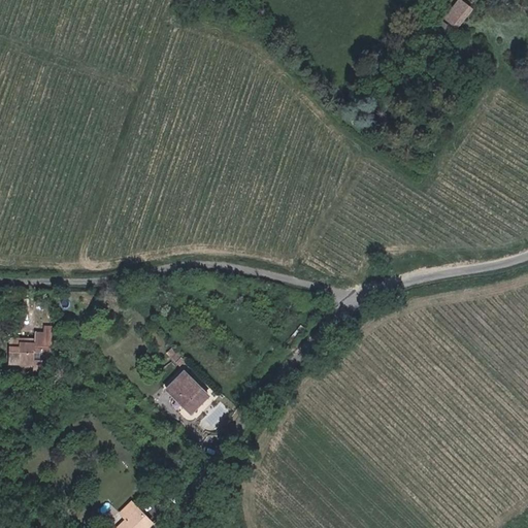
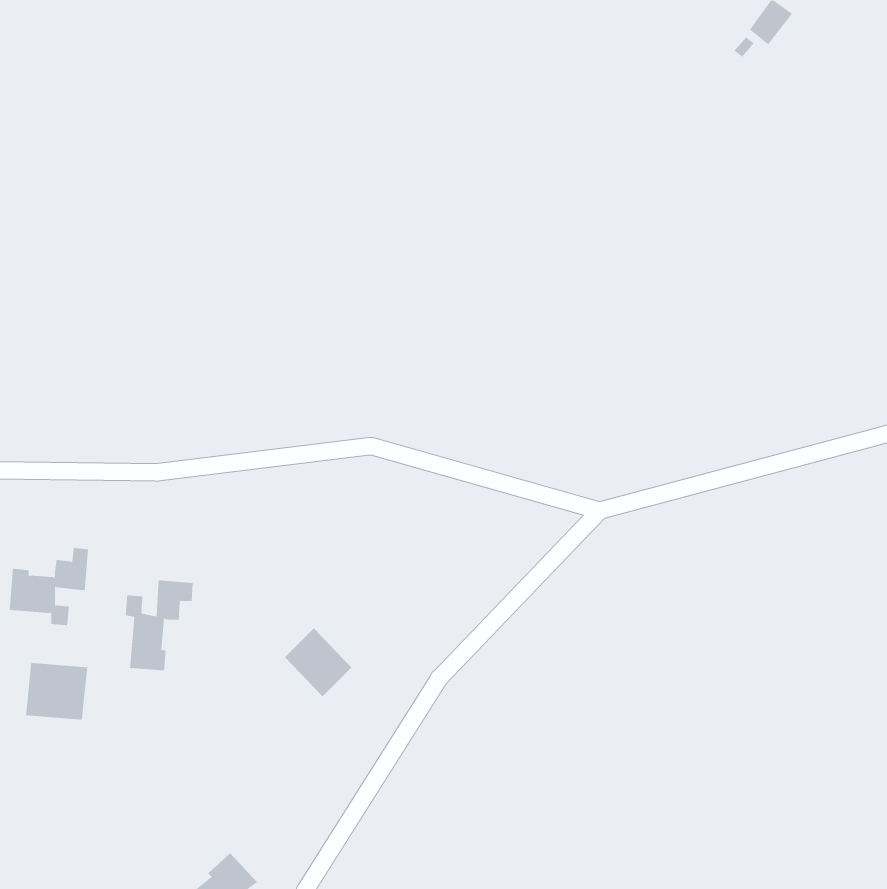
building: none -> [125,580,193,671]
building: none -> [25,662,88,721]

